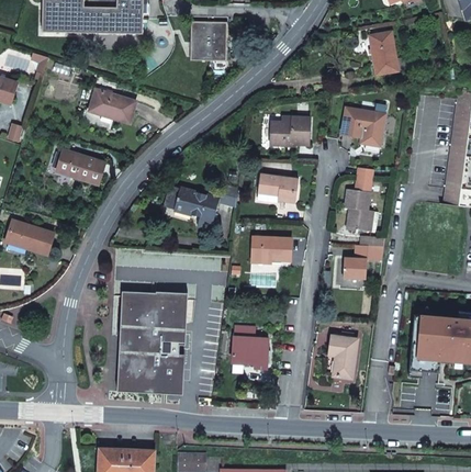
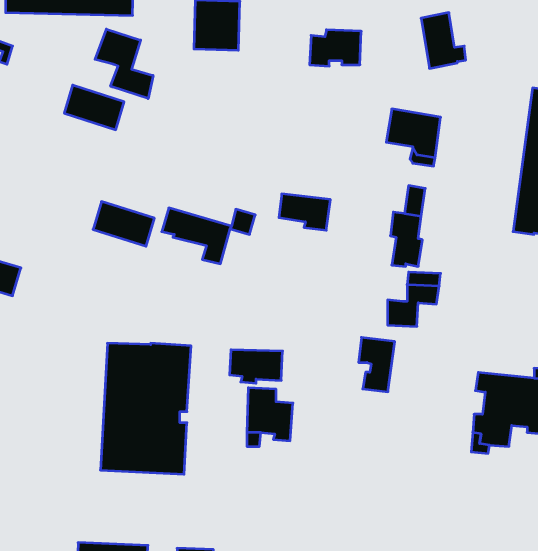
building: none -> [95,29,153,99]
building: [270,116,311,145] -> [310,30,361,66]
building: [57,148,105,183] -> [93,202,154,246]
building: [251,236,293,262] -> [230,350,283,383]
building: [329,335,358,378] -> [359,337,395,392]

